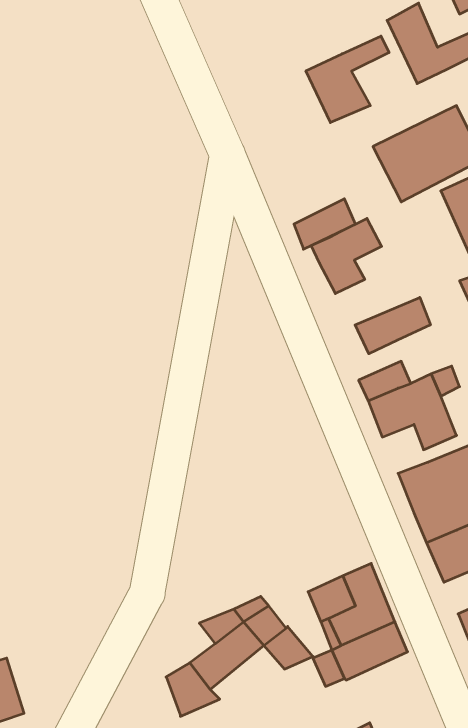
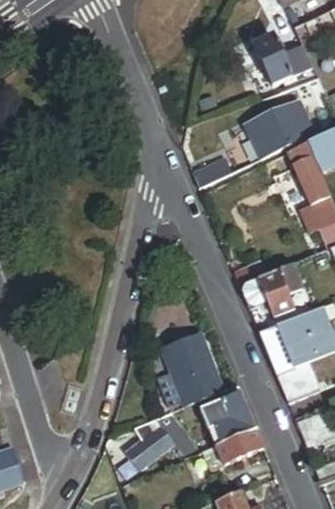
building: [306,36,389,123] -> none
building: [311,218,382,294] -> none
building: [355,297,430,354] -> none
building: none -> [162,328,226,404]

